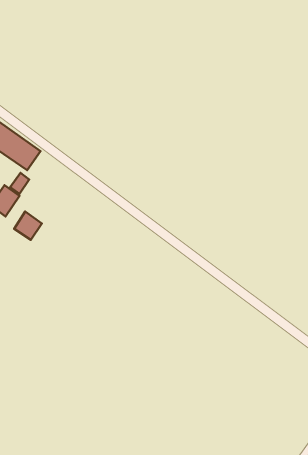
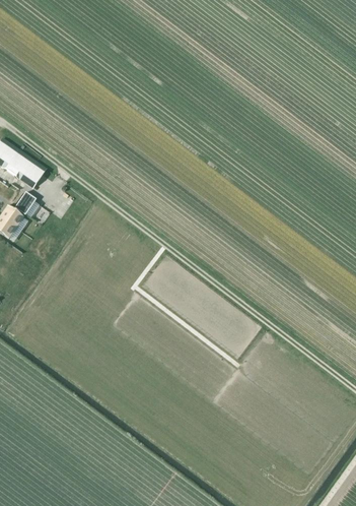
building: [14,212,42,240] -> none

